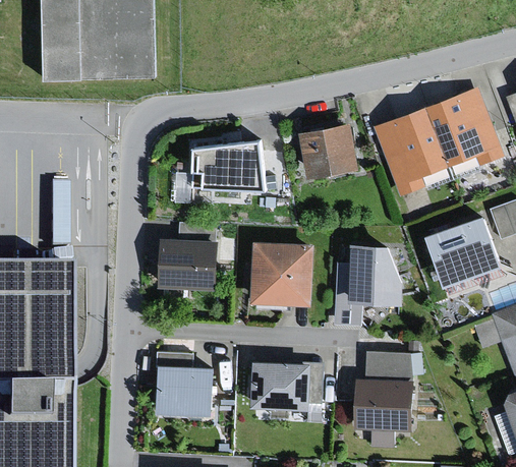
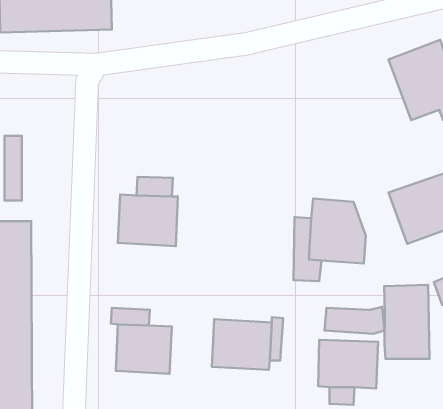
building: [371,107,448,197] -> none
building: [297,124,356,180] -> none
building: [190,141,268,192] -> none
building: [250,243,313,306] -> none
building: none -> [384,285,430,359]

